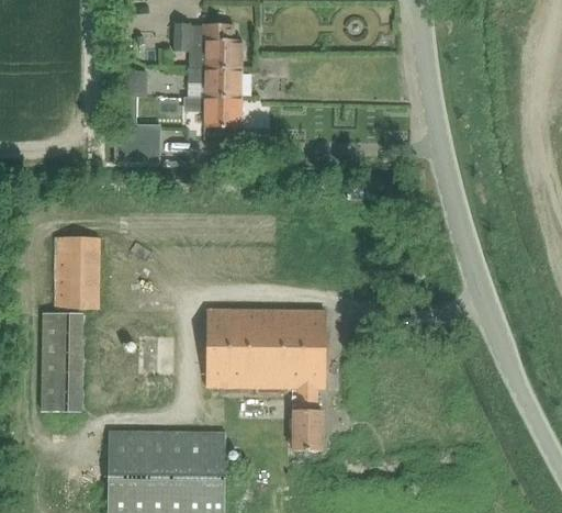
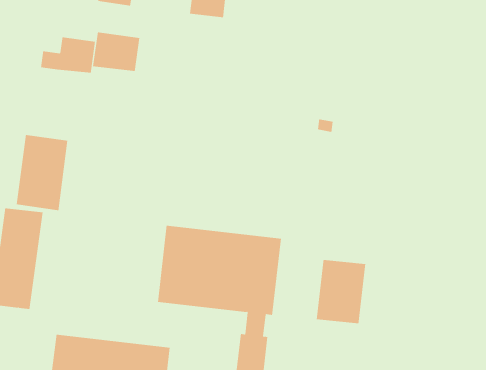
building: [187,97,240,126] -> none
building: none -> [40,36,96,74]
building: none -> [316,259,366,324]

